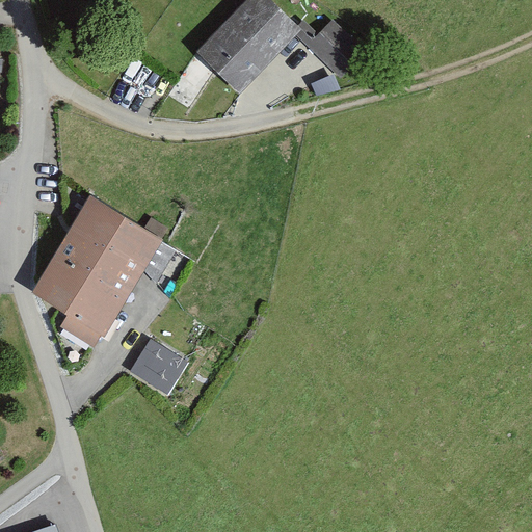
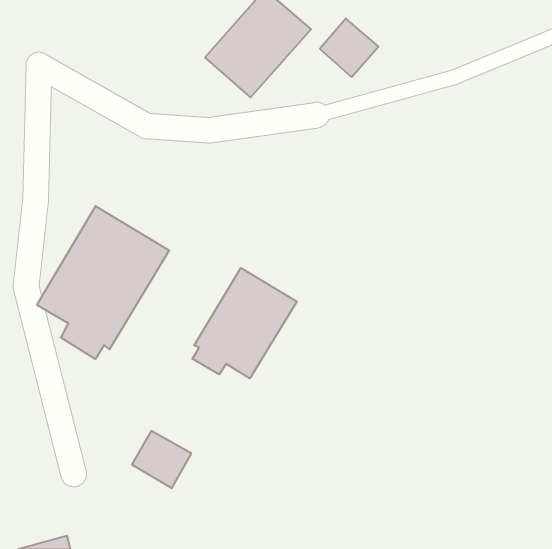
building: none -> [192,268,297,378]
building: [127,338,184,393] -> [132,431,191,488]

